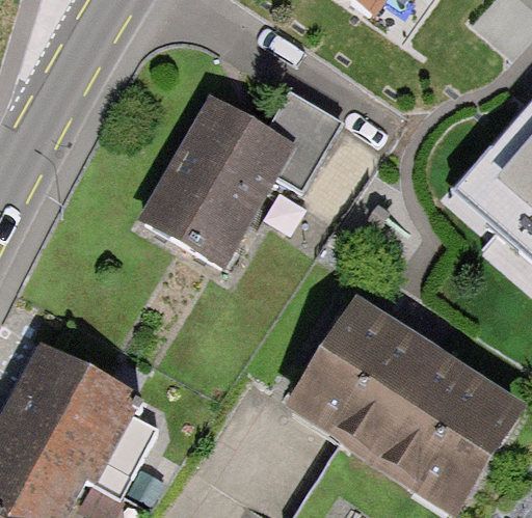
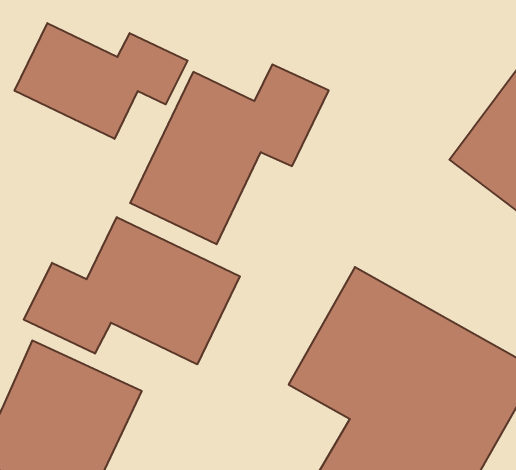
building: none -> [15,23,188,139]
building: none -> [24,217,240,364]

